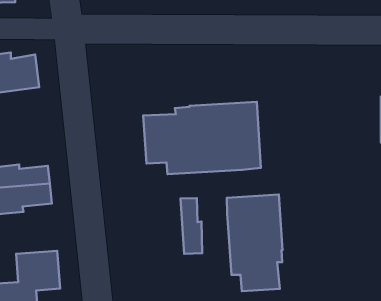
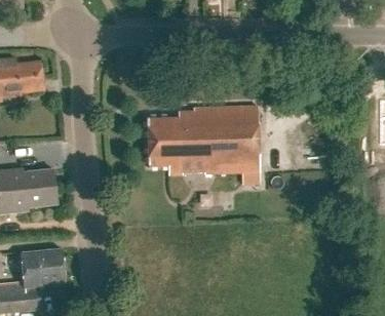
building: [227,194,282,291] -> none
building: [181,198,202,254] -> none

